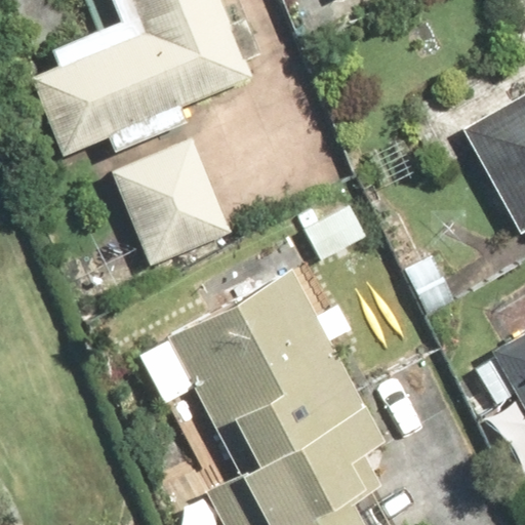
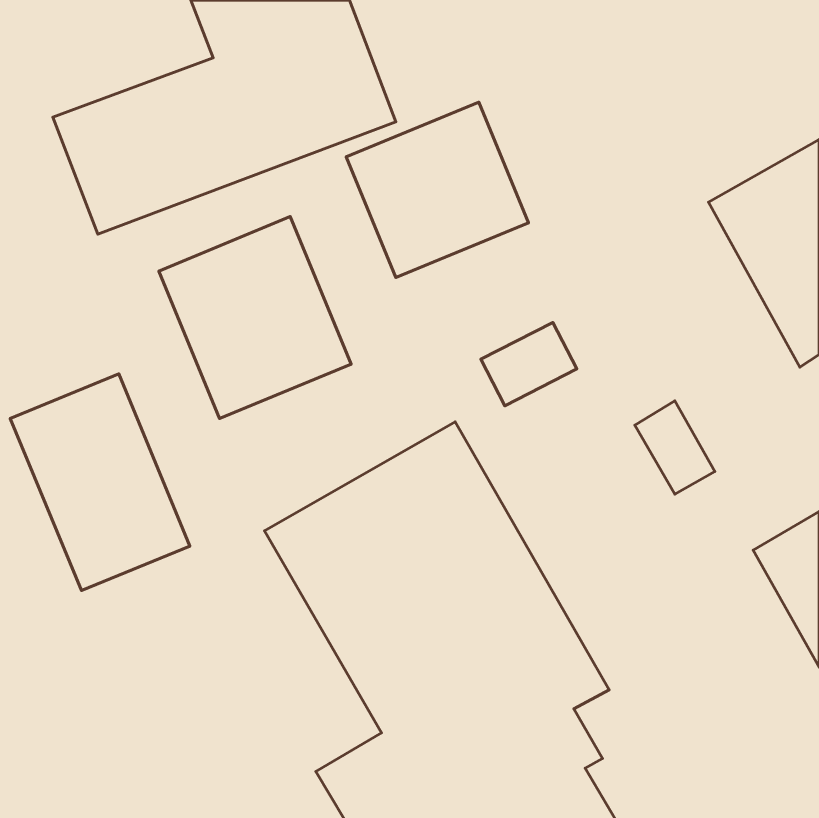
building: none -> [346,102,529,277]
building: none -> [10,374,190,591]

